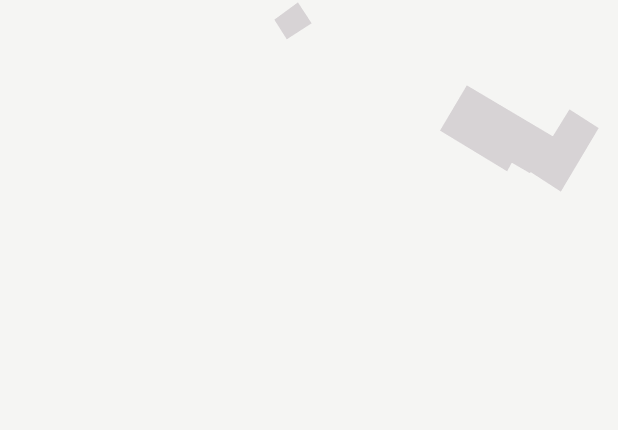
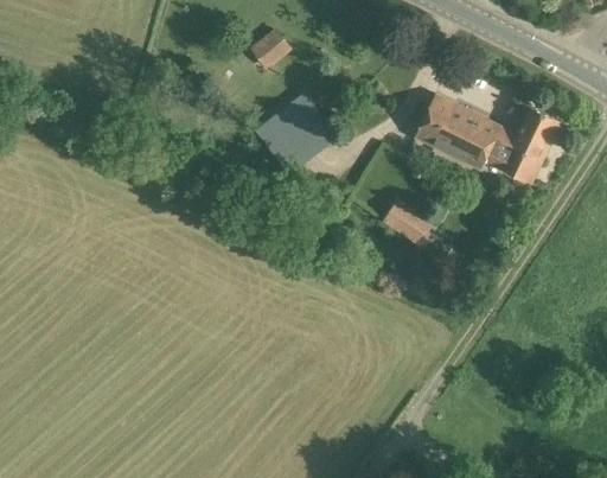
building: none -> [255,93,337,173]
building: none -> [384,198,430,242]

